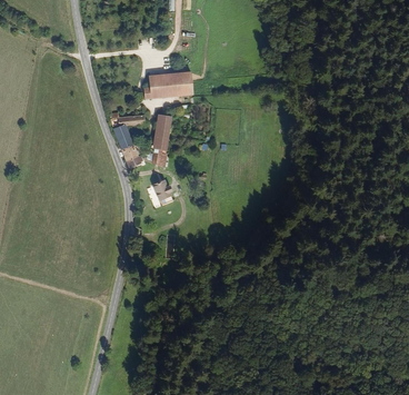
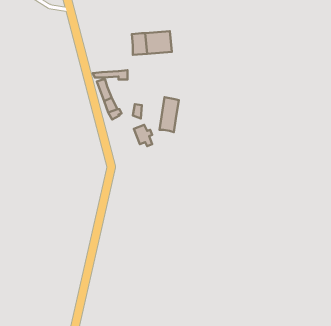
building: [151,113,172,151] -> [159,97,179,132]

